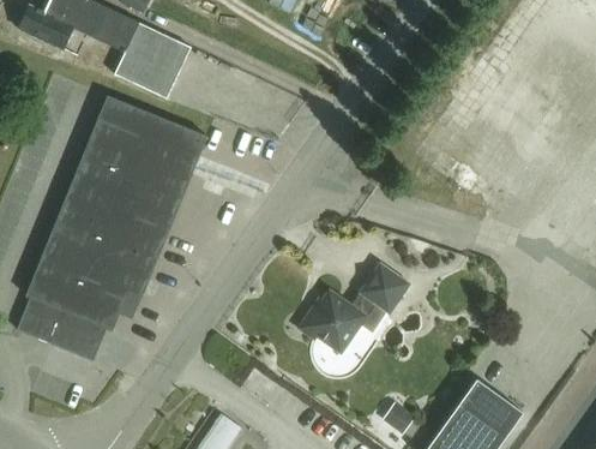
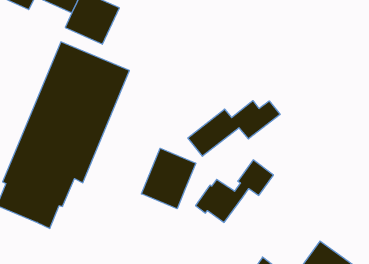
building: none -> [188,101,280,156]
building: none -> [141,148,196,209]

